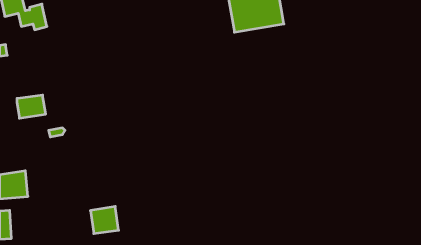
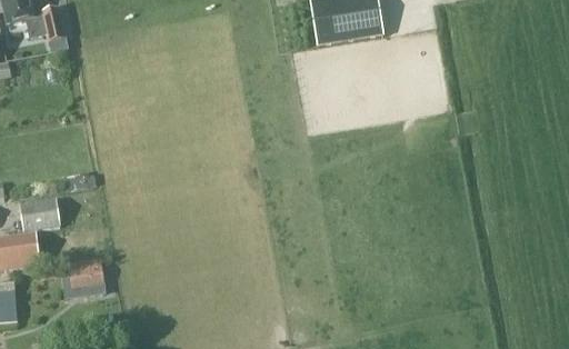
building: [17,95,46,118] -> [19,199,58,230]
building: [90,206,119,234] -> [66,256,103,292]

